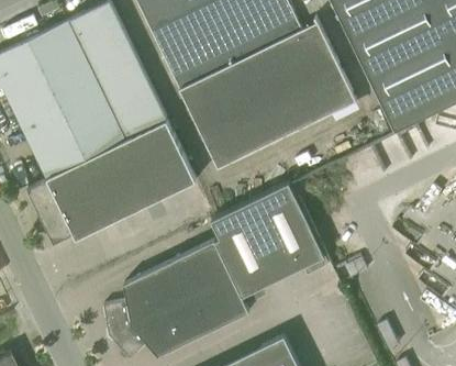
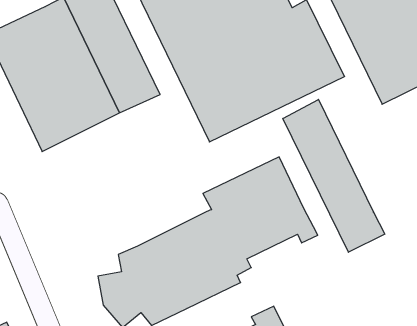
building: [27,122,196,243] -> none
building: none -> [283,99,385,252]

